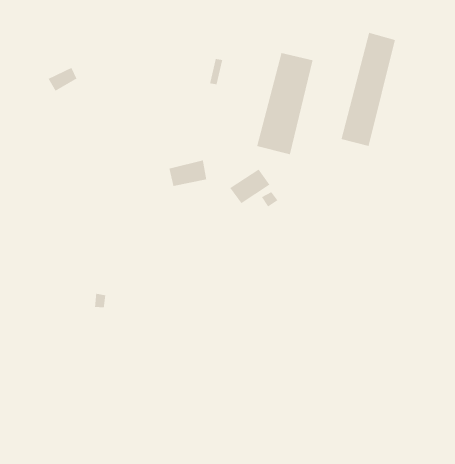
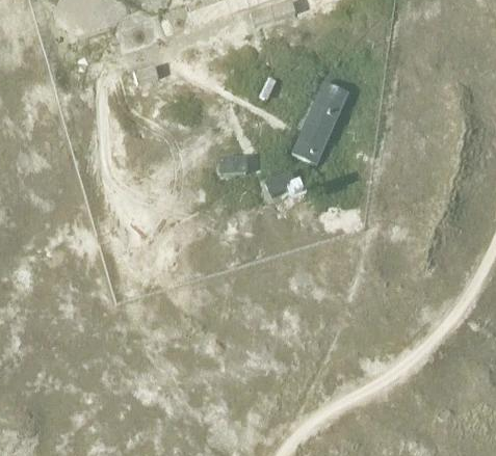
building: [340,32,396,147] -> none

